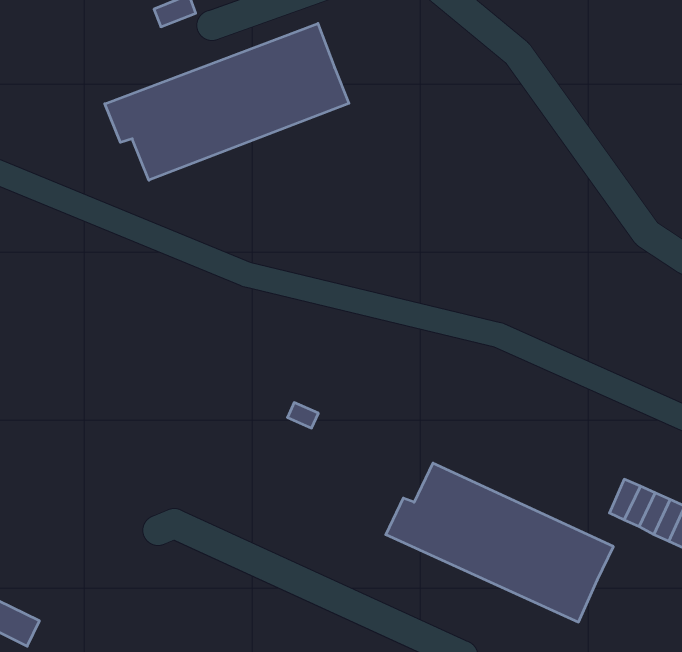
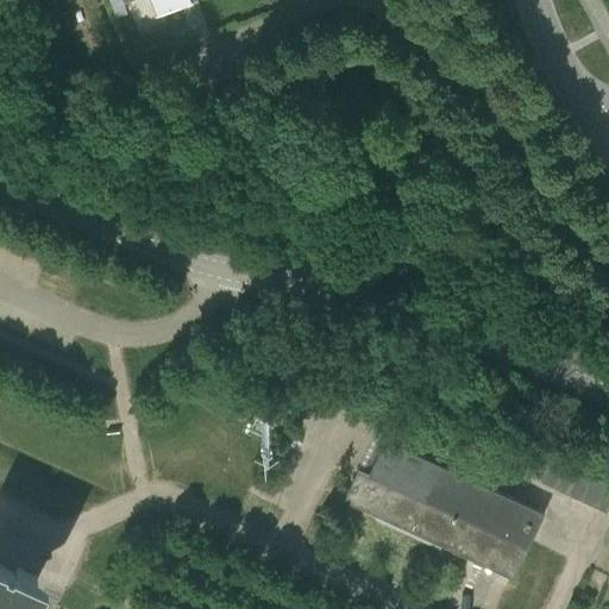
building: [105,23,349,180] -> none

